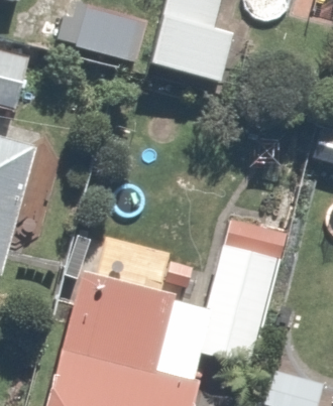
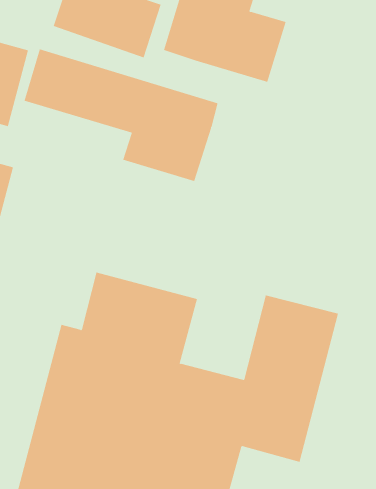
building: none -> [24,48,218,182]

